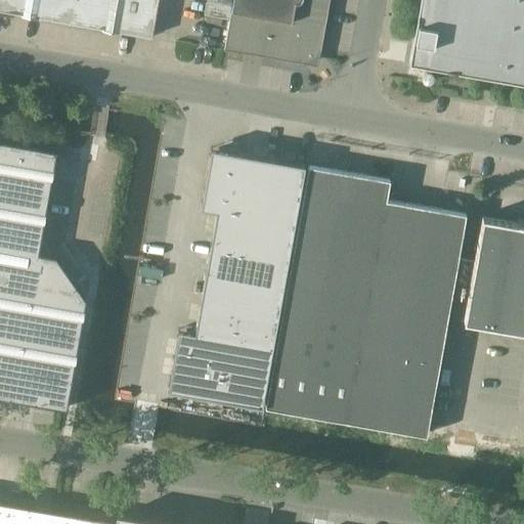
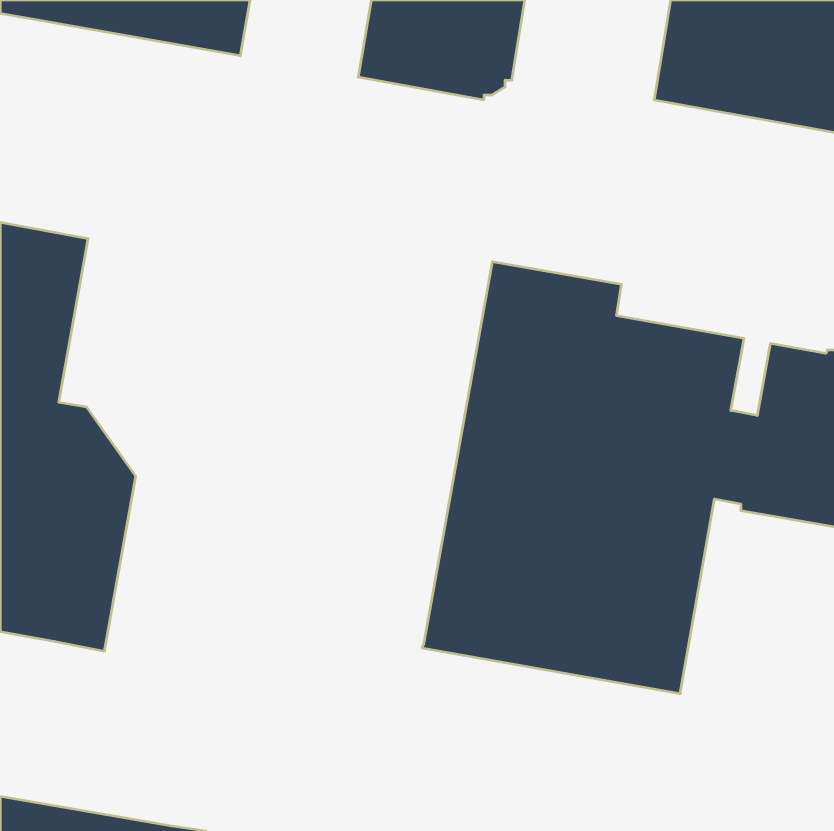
building: [170,151,306,408] -> none

